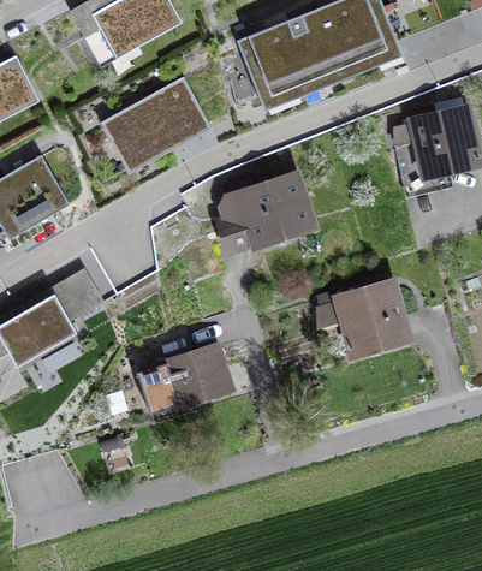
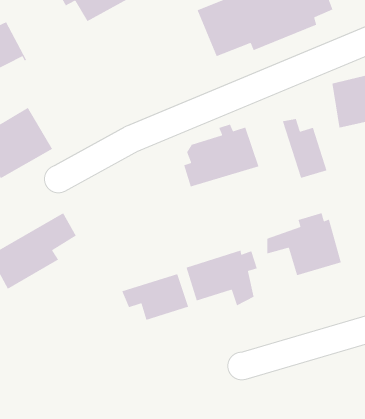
building: [93,78,210,185] -> none
building: none -> [282,118,328,179]
building: none -> [185,250,258,307]

